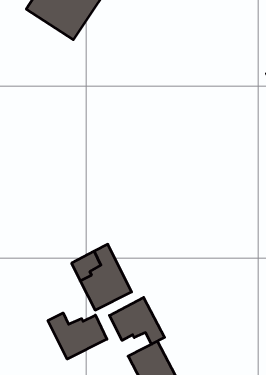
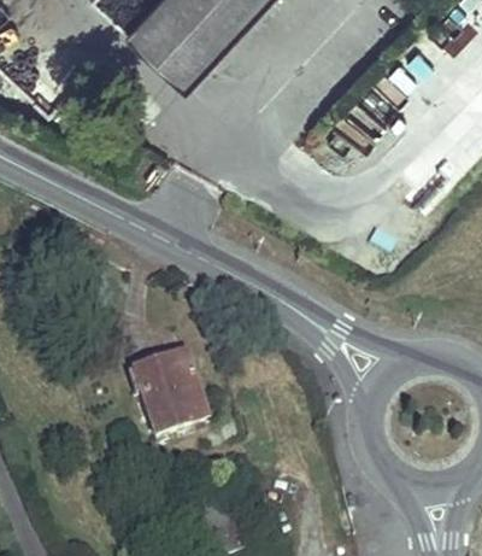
building: [109,297,165,344] -> none
building: [48,313,107,359] -> none

